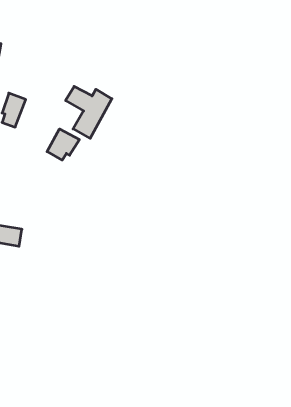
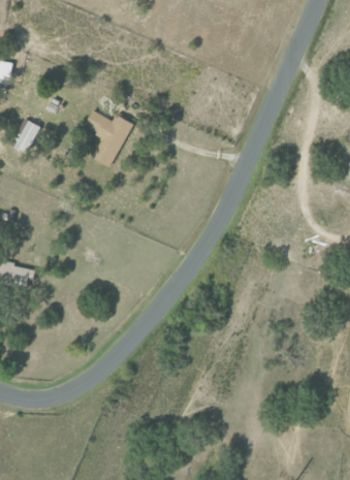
building: [47,129,79,160] -> none

